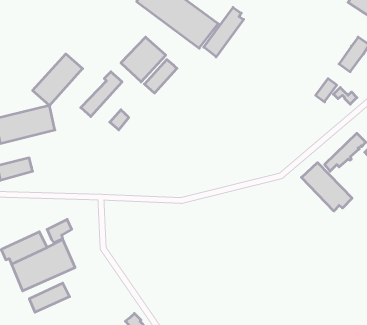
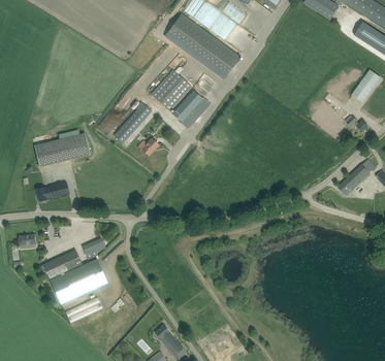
building: [204,7,244,57] -> none
building: [33,54,83,105] -> none
building: [301,163,352,211] -> none

